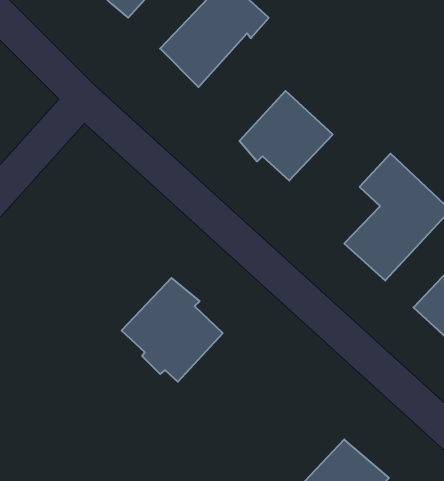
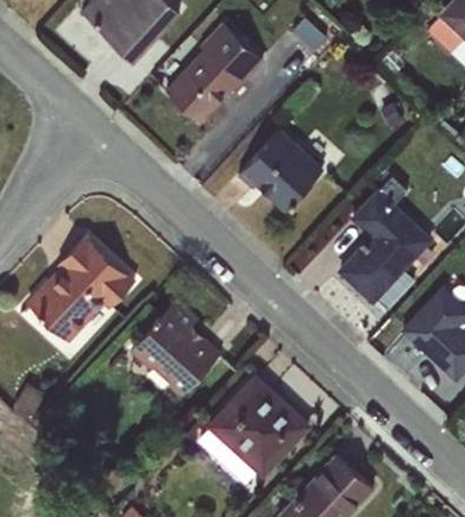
building: none -> [26,233,137,343]
building: none -> [197,373,313,485]

